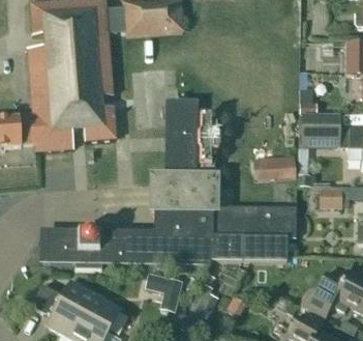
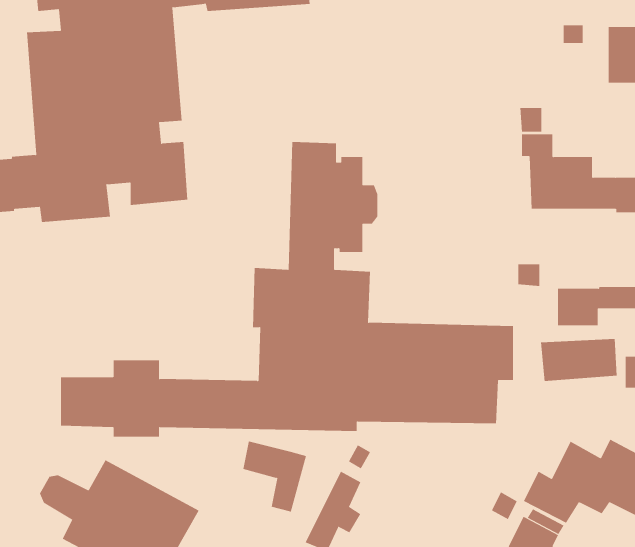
building: [253,154,296,178] -> [540,338,617,382]

